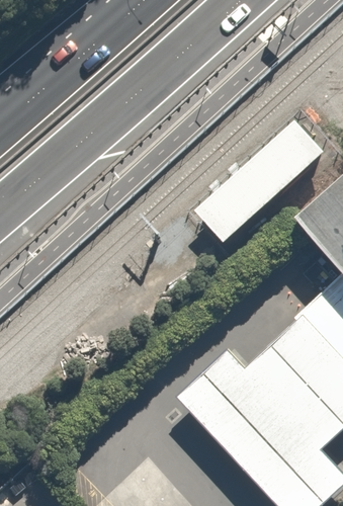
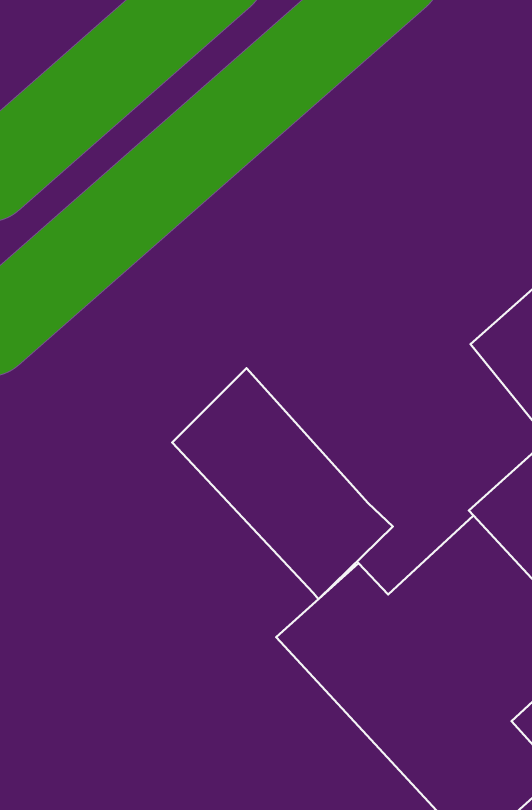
building: [195,119,323,242] -> none
building: none -> [172,368,393,599]

